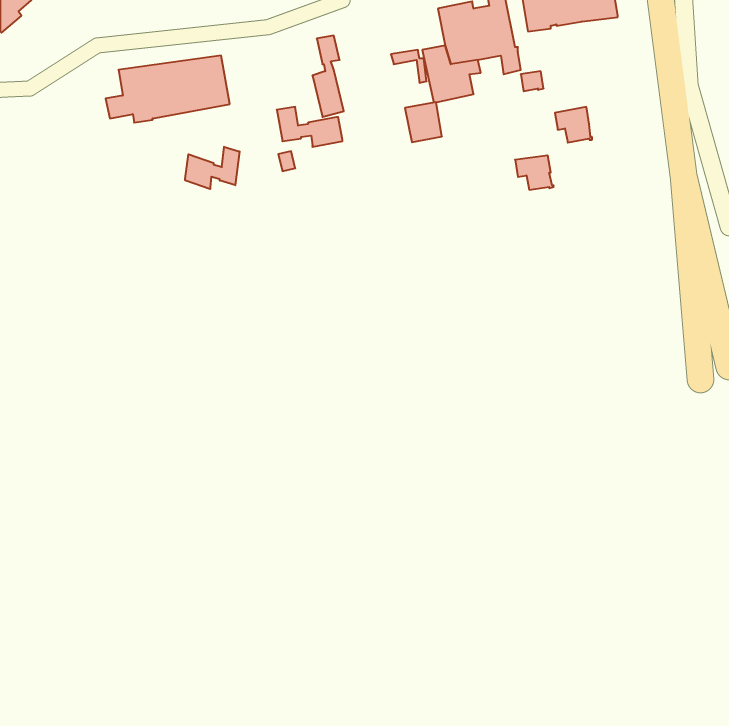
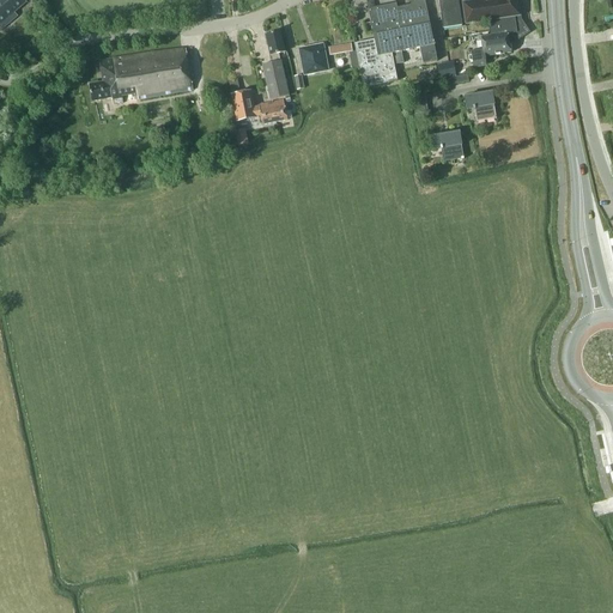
building: none -> [468,32,510,66]
building: [405,102,442,142] -> [298,42,329,75]
building: [185,147,240,189] -> none

